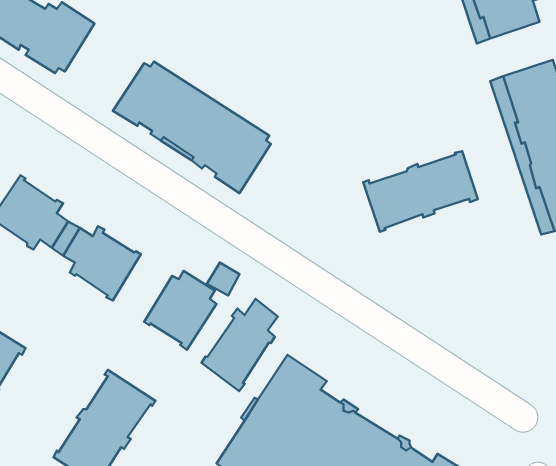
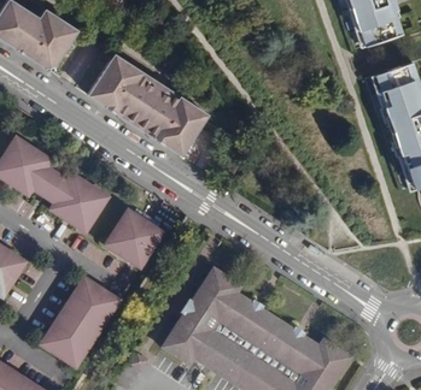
building: [363,151,478,232] -> none
building: [202,299,278,391] -> none

